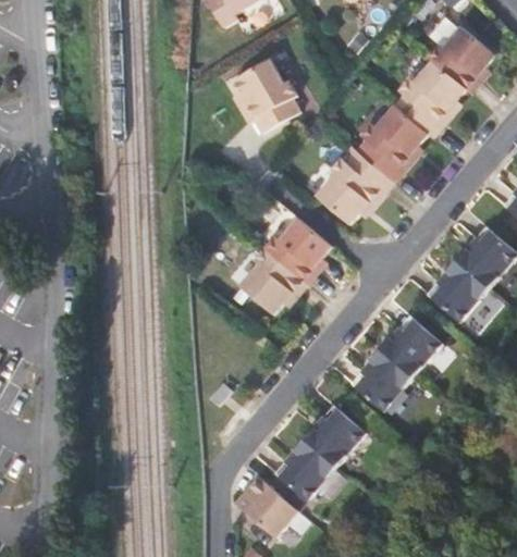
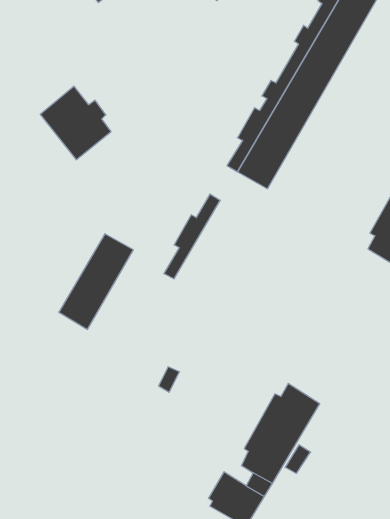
building: [236,62,299,131] -> [40,86,111,160]
building: [248,228,328,314] -> [59,234,133,329]
building: [357,319,440,409] -> none

